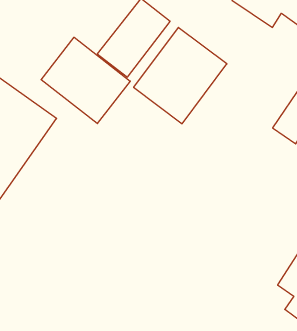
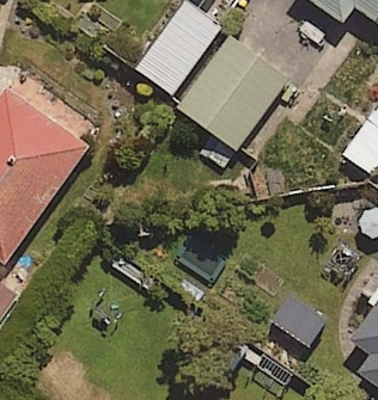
building: [41,37,130,124] -> none

